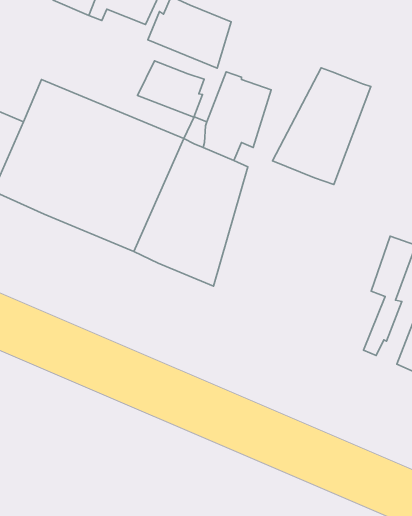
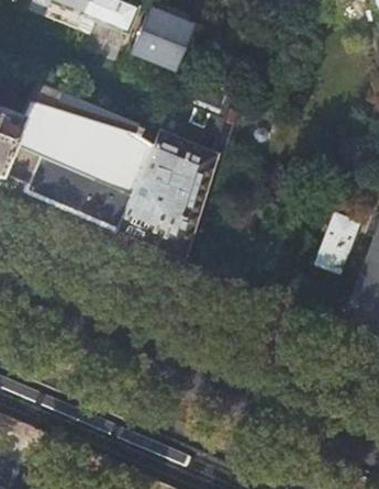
building: [137,61,204,117] -> none
building: [273,68,371,184] -> none

